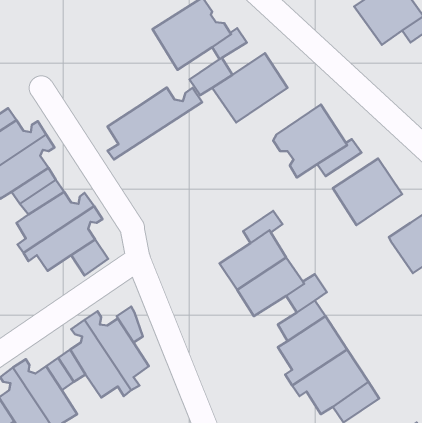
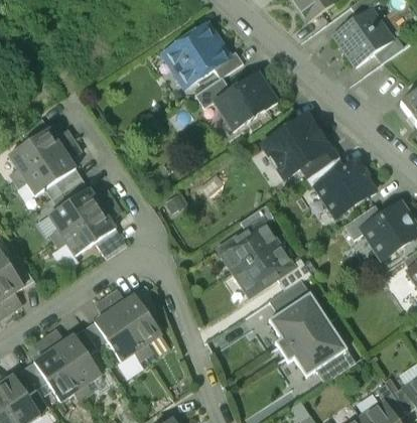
building: [107,88,202,159] -> none
building: none -> [344,204,381,239]

